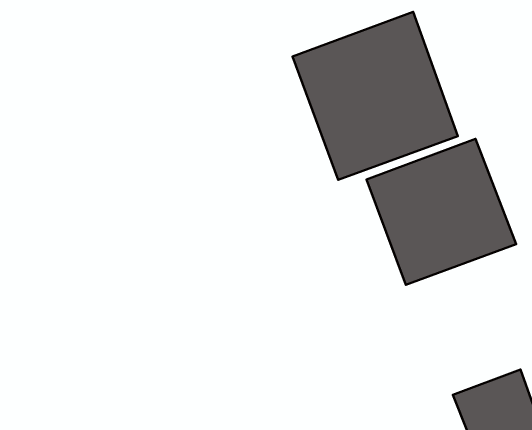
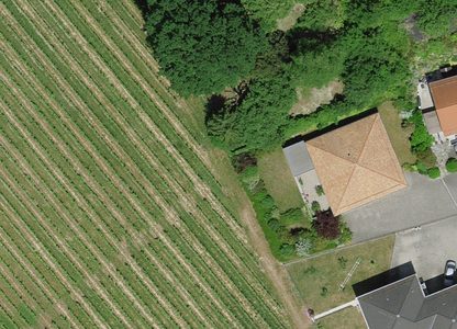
building: [292,12,458,180] -> none

